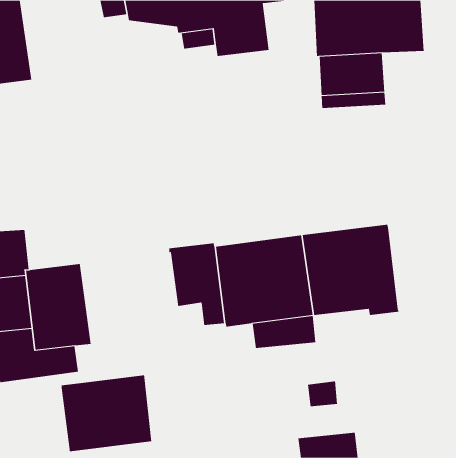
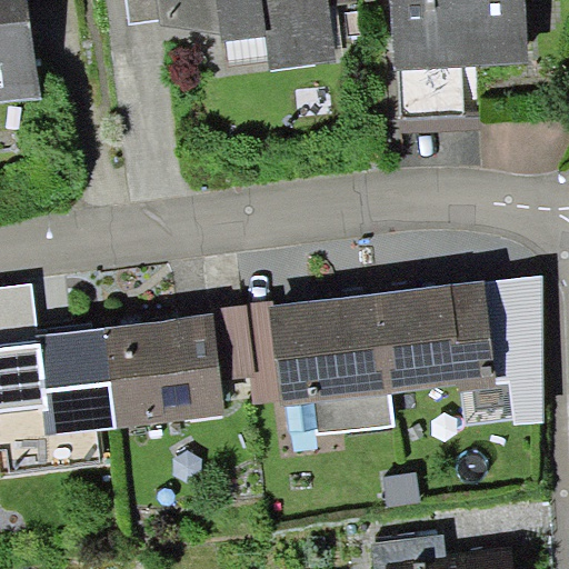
building: none -> [482,274,543,426]
building: none -> [100,313,223,427]
building: [61,375,152,452] -> none

